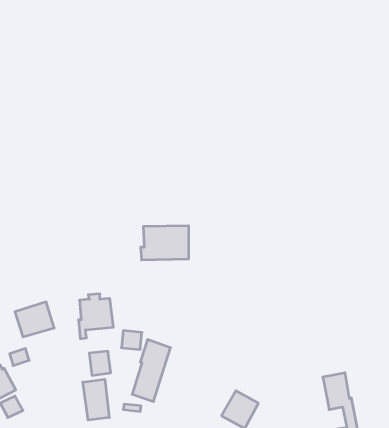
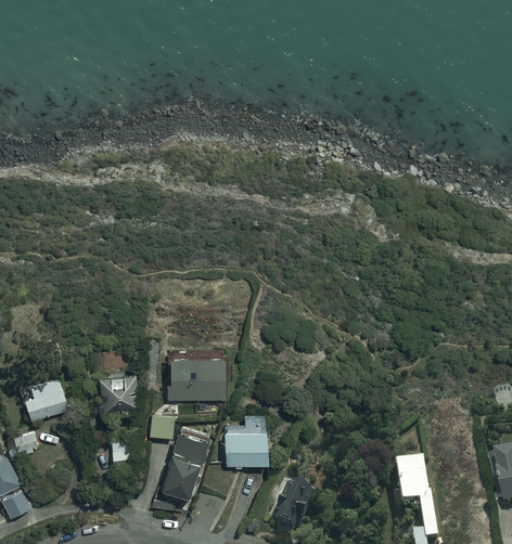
building: [141,226,189,260] -> [167,358,226,399]
building: none -> [222,412,269,468]
building: [83,379,109,420] -> none

